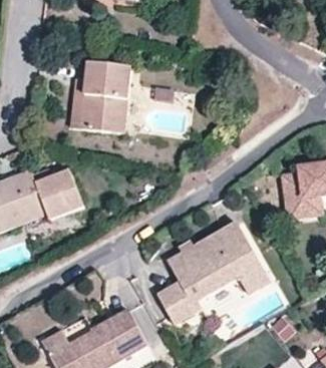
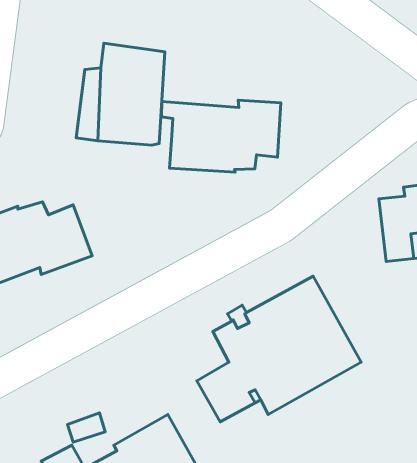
building: none -> [162,100,281,172]

